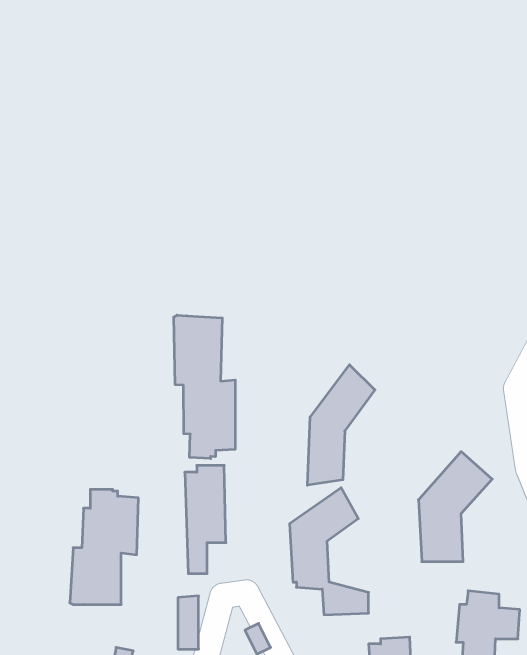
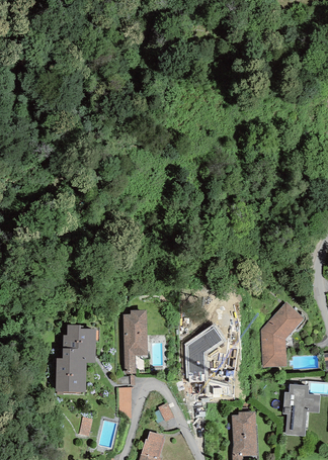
building: [174,315,235,459] -> none
building: [307,365,375,485] -> none

